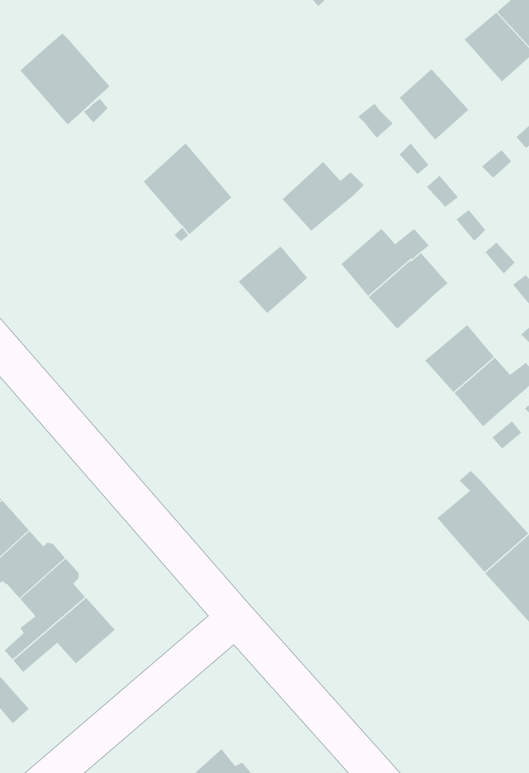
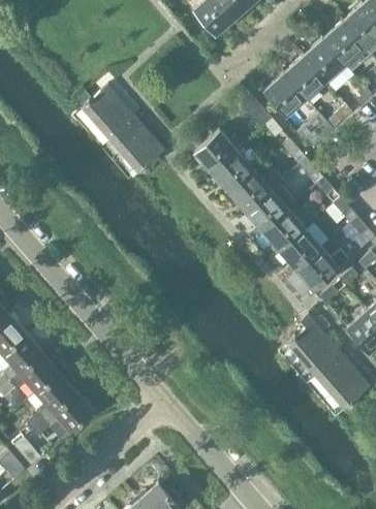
building: [20,33,111,126] -> [81,87,135,142]
building: none -> [283,57,325,99]
building: [238,245,308,314] -> [211,151,253,192]
building: none -> [262,209,305,250]

